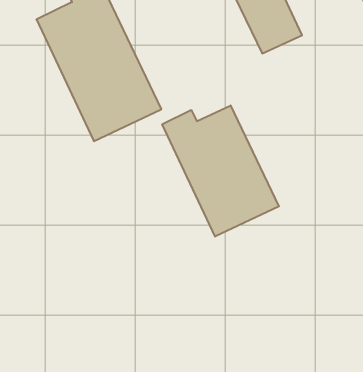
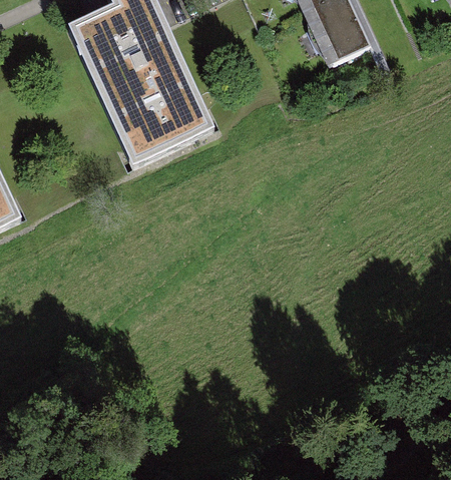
building: [162,105,279,237] -> none

